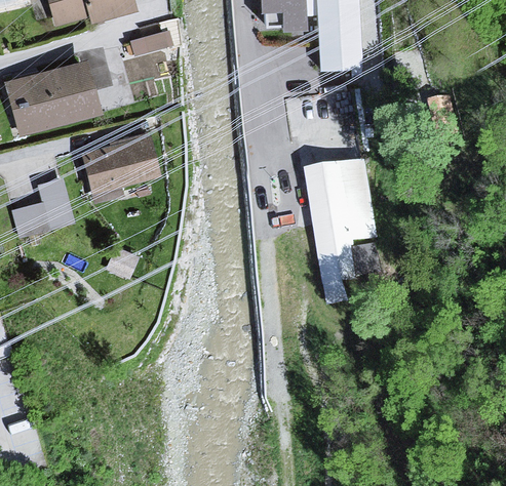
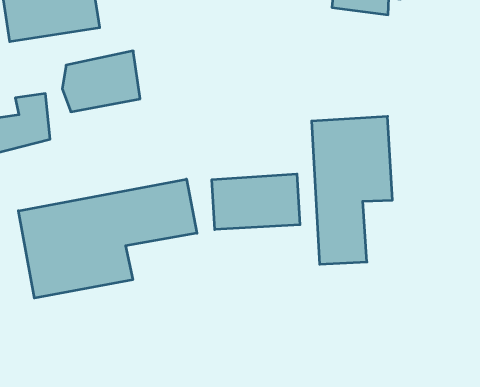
building: none -> [212,174,300,230]
building: none -> [18,179,197,298]

